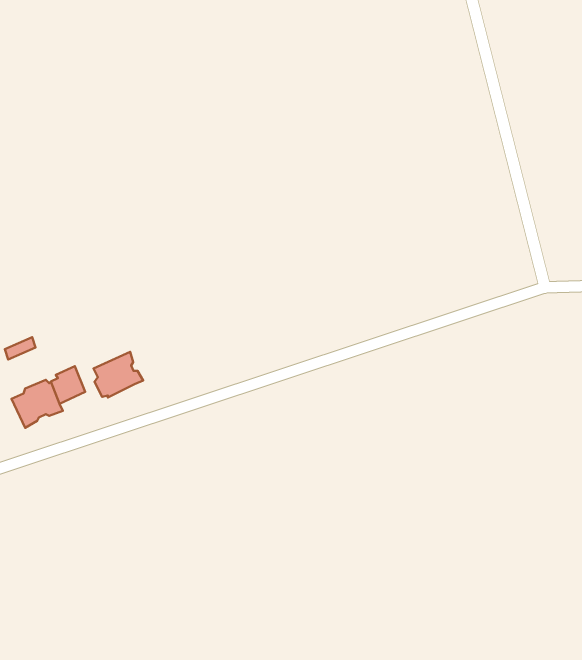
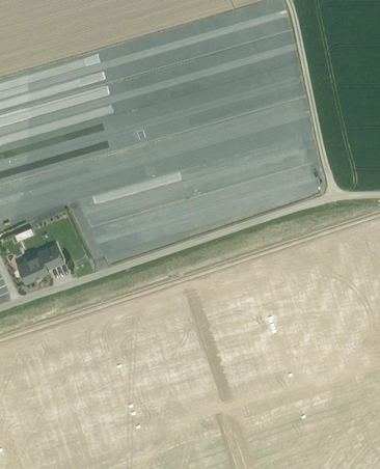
building: [94,352,143,398] -> none

